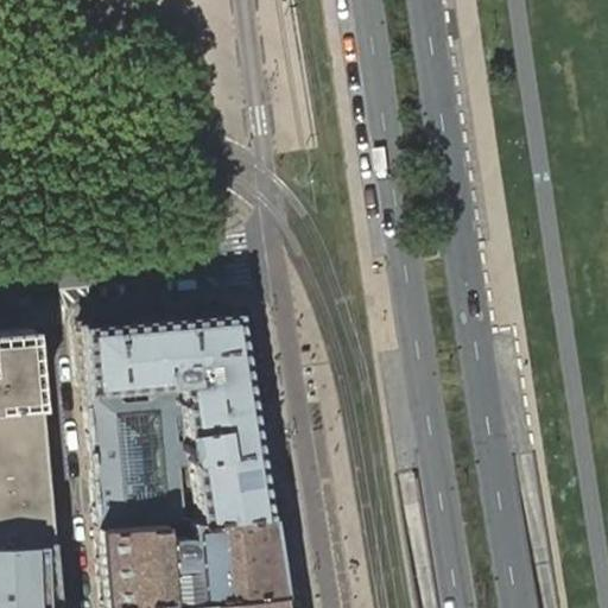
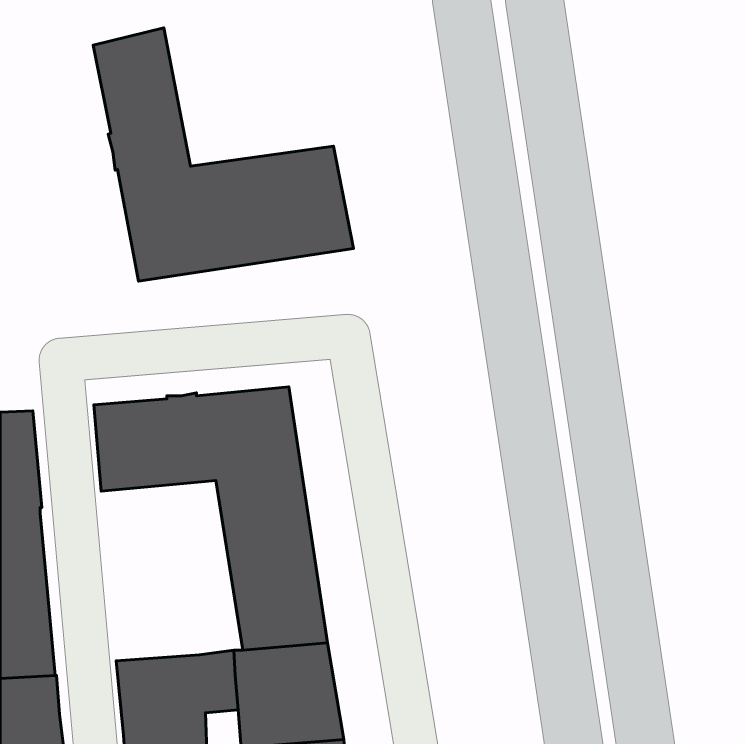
building: none -> [93,28,354,281]
building: [93,397,205,540] -> none

